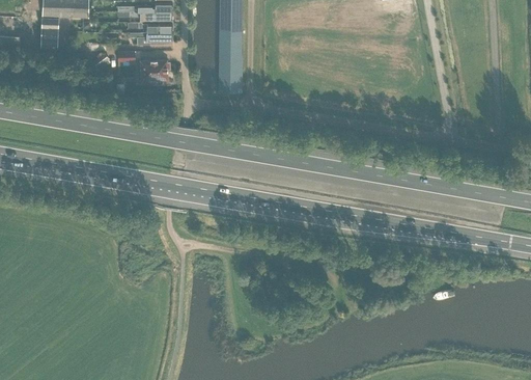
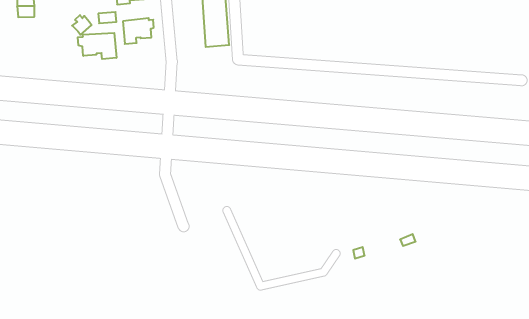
building: none -> [78,33,116,59]

